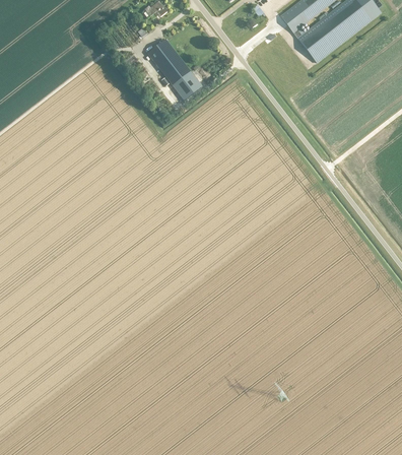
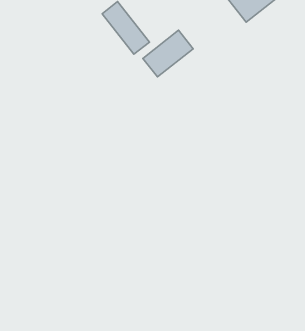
building: none -> [143,30,193,77]

